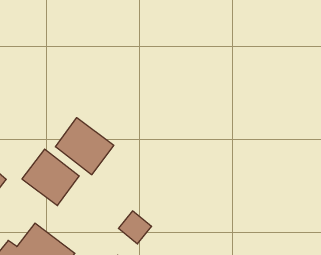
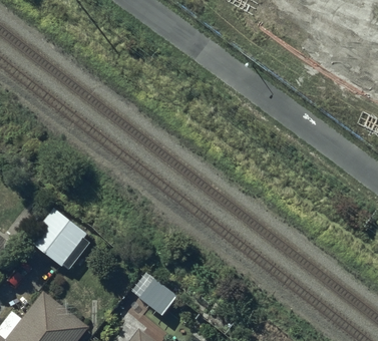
building: [55,118,114,175] -> none

